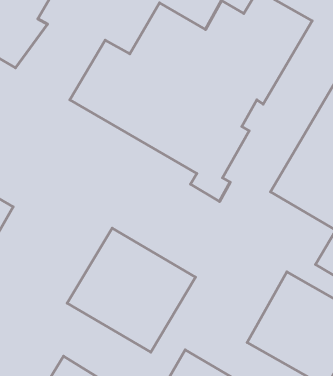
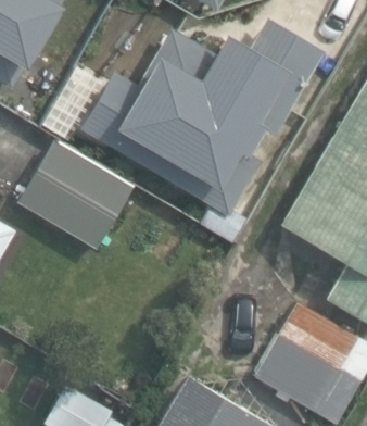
building: none -> [21,143,136,251]
building: [67,228,195,352] -> none

